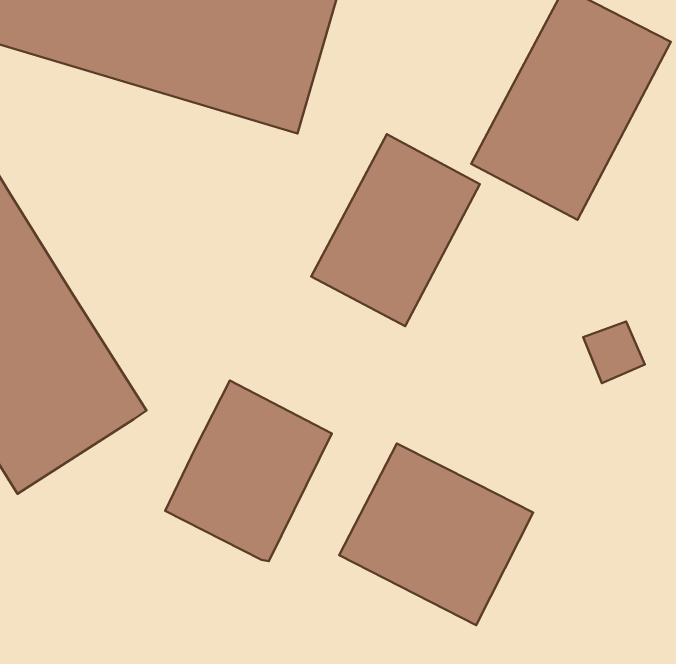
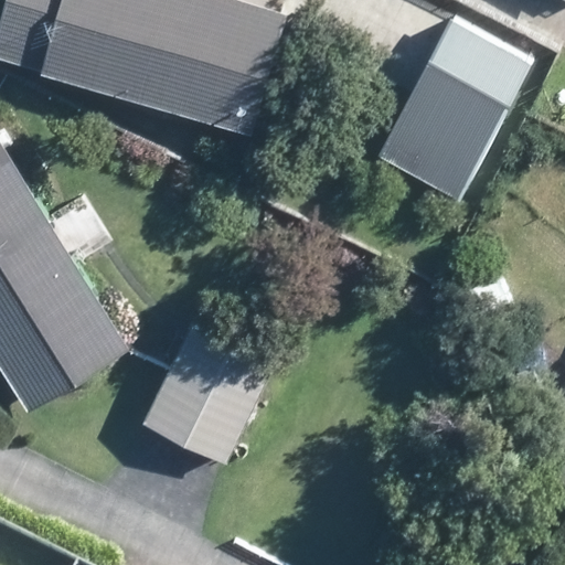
building: [311,134,480,326] -> none
building: [339,444,533,625] -> none

